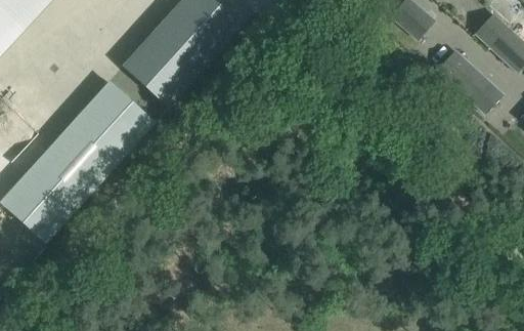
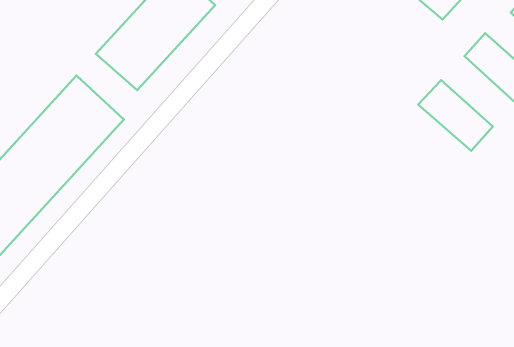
building: none -> [418,80,493,151]

